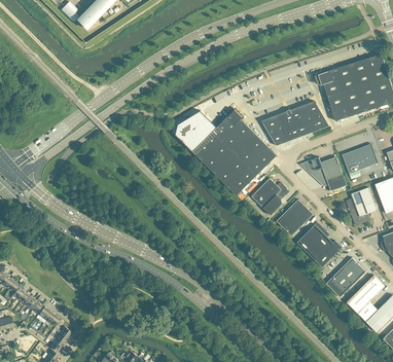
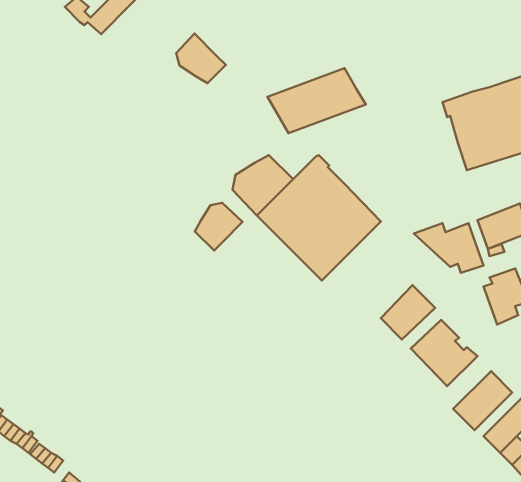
building: none -> [176,34,226,83]
building: [261,101,328,145] -> [267,68,366,133]
building: none -> [195,203,243,250]
building: [251,178,287,215] -> none

